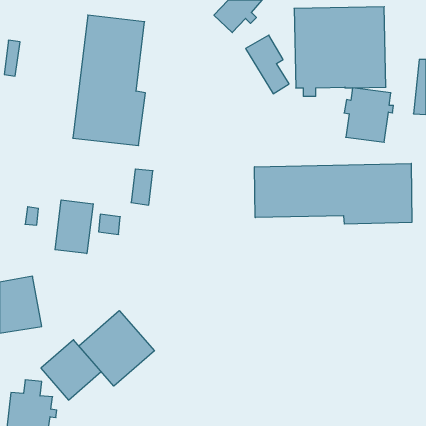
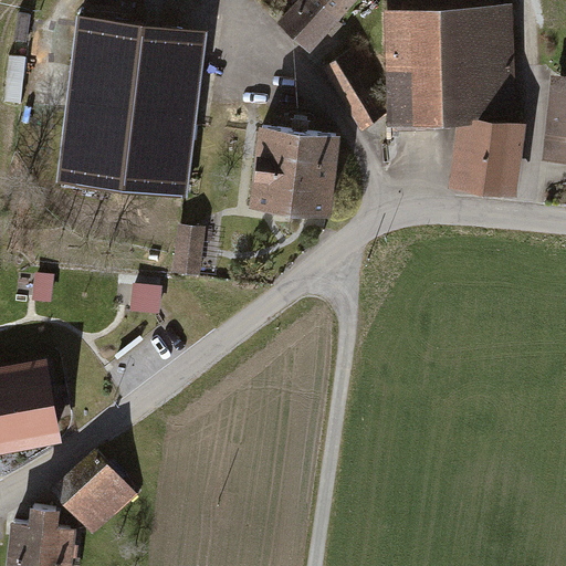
building: none -> [59,18,116,185]
building: none -> [252,126,335,212]
building: [255,163,412,224] -> none
building: [55,200,93,254] -> none
building: [79,311,154,386] -> none

